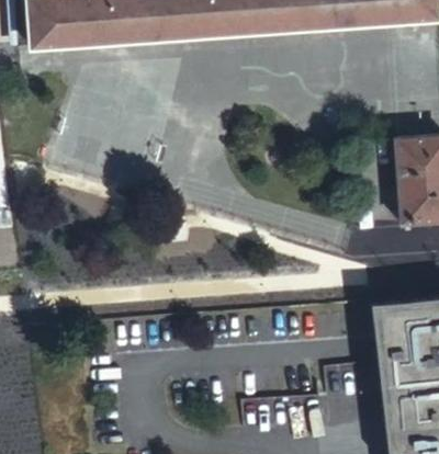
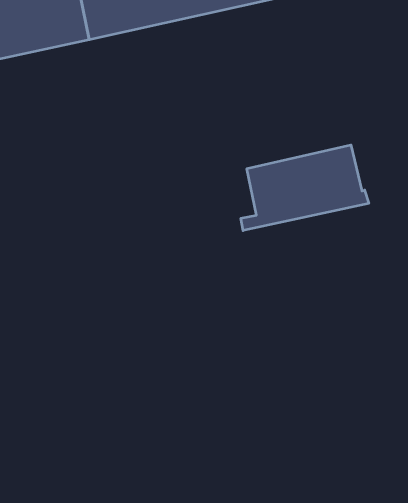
building: none -> [241,145,369,231]

